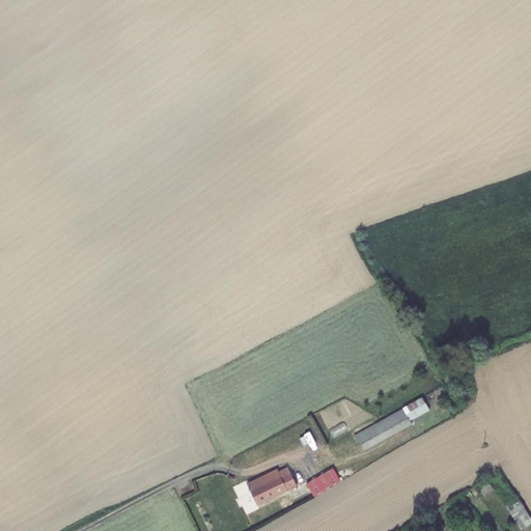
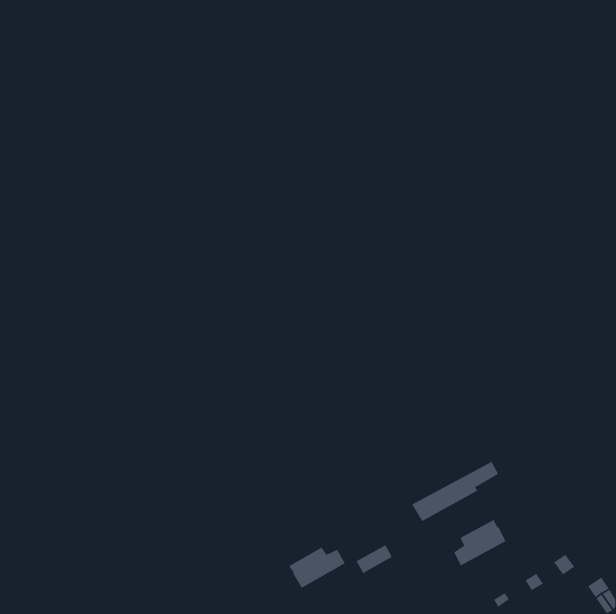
building: none -> [453,519,506,567]

